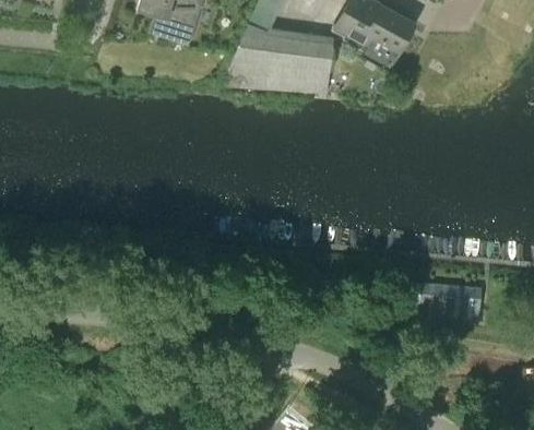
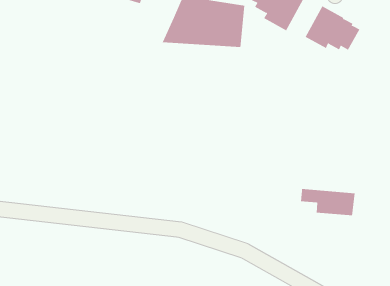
building: none -> [305,5,360,51]

